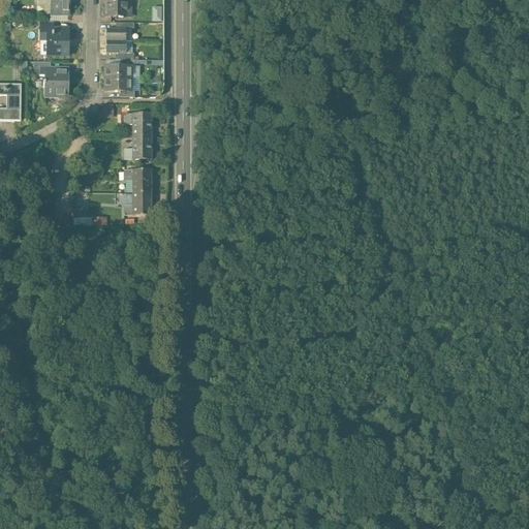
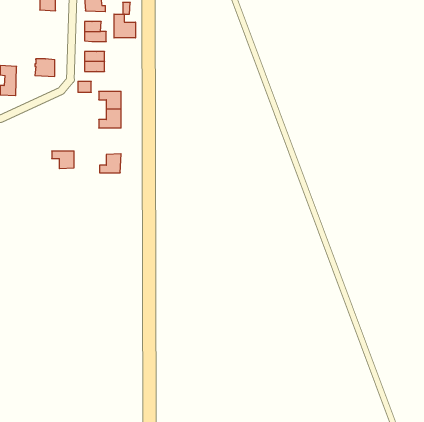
building: none -> [114,14,135,38]
building: [39,27,68,53] -> none
building: [123,170,151,192] -> [52,151,74,169]

